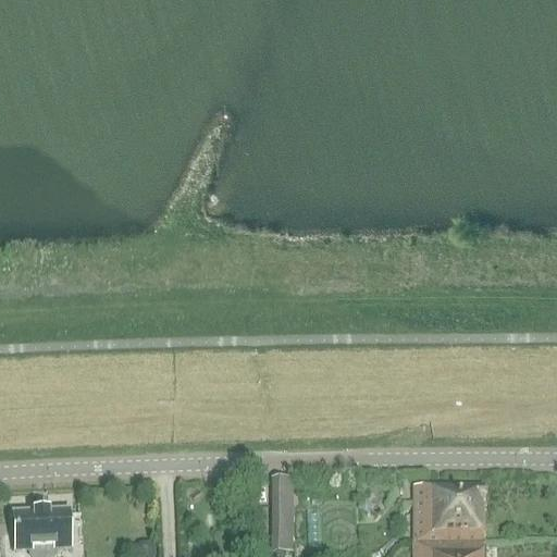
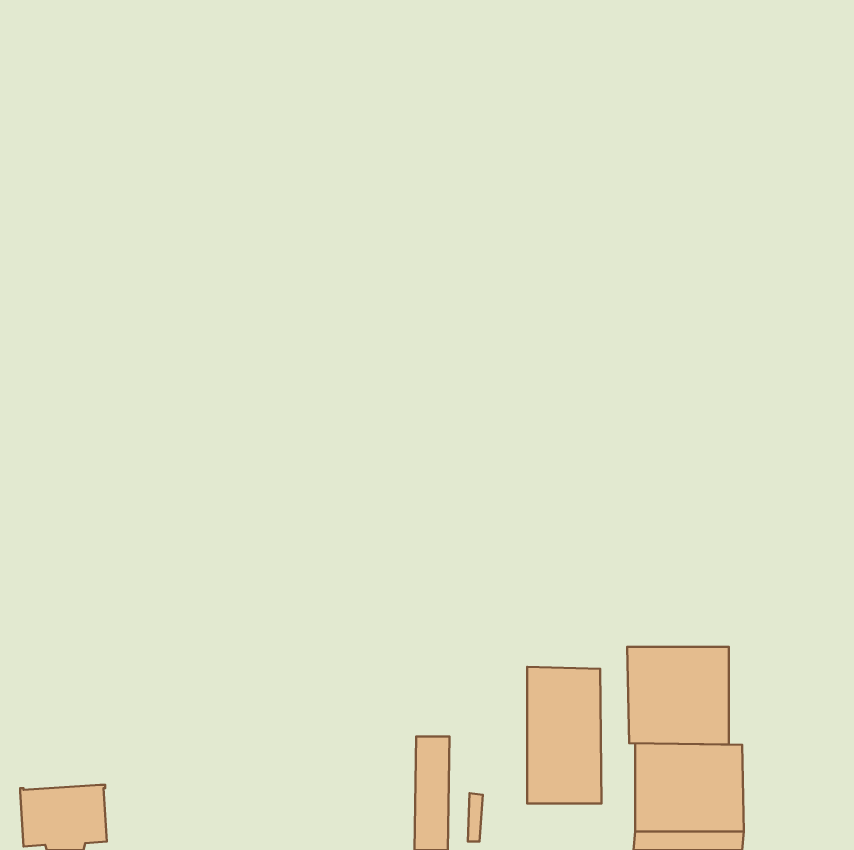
building: none -> [627,647,729,745]
building: none -> [527,667,602,803]

